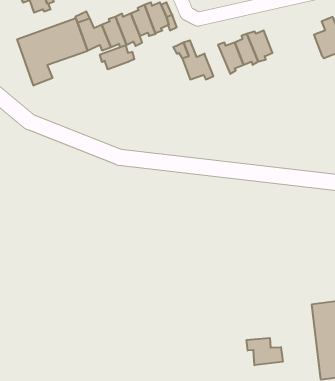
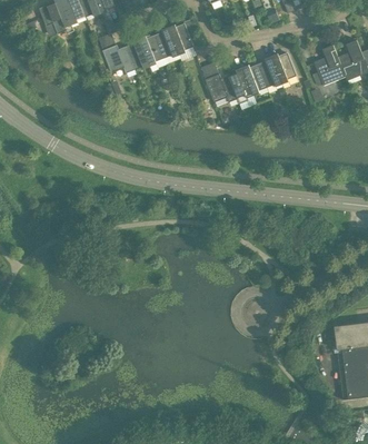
building: [17,18,88,86] -> none
building: none -> [312,45,344,86]
building: none -> [227,67,252,103]
building: [100,45,134,69] -> none
building: [247,338,283,365] -> none

